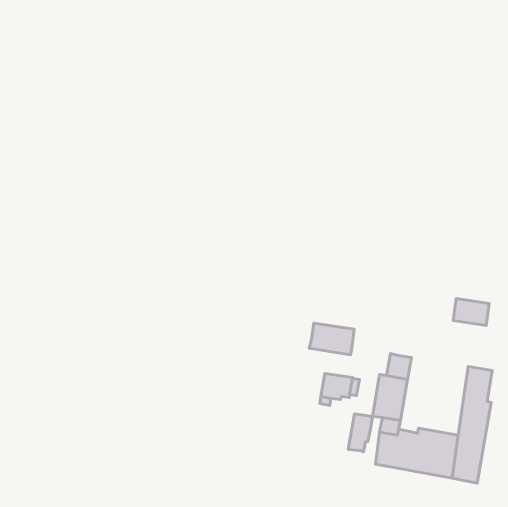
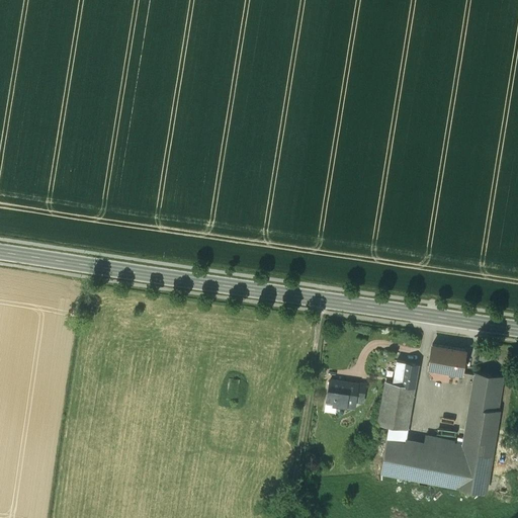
building: [453,298,489,325] -> [430,346,466,373]
building: [309,323,354,355] -> none
building: [348,414,373,452] -> none

